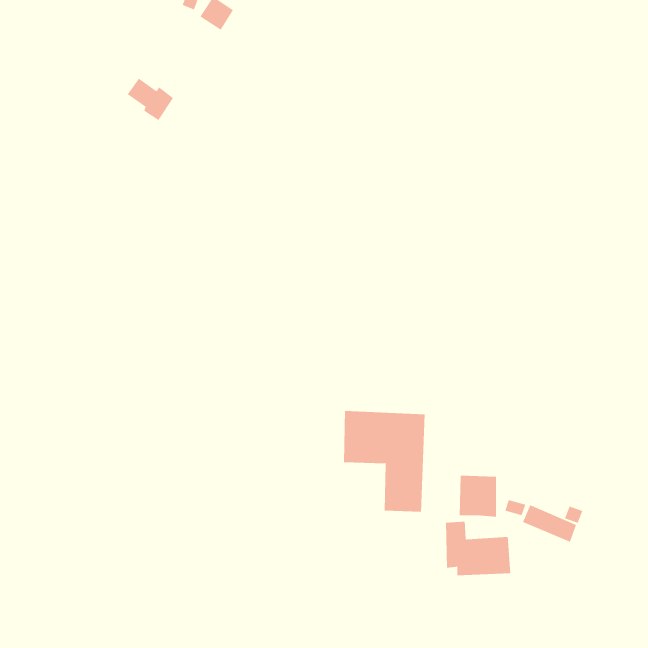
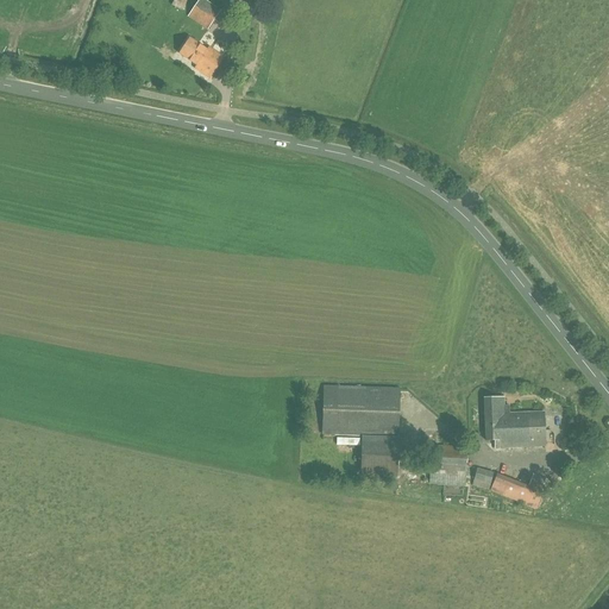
building: [127,78,174,121] -> [178,37,222,77]
building: [445,521,511,576] -> [483,396,545,447]

